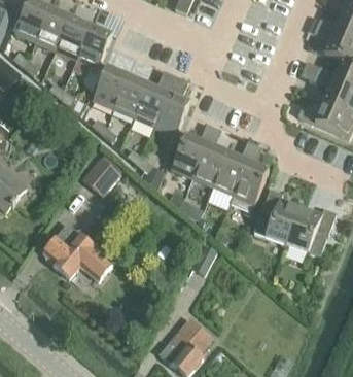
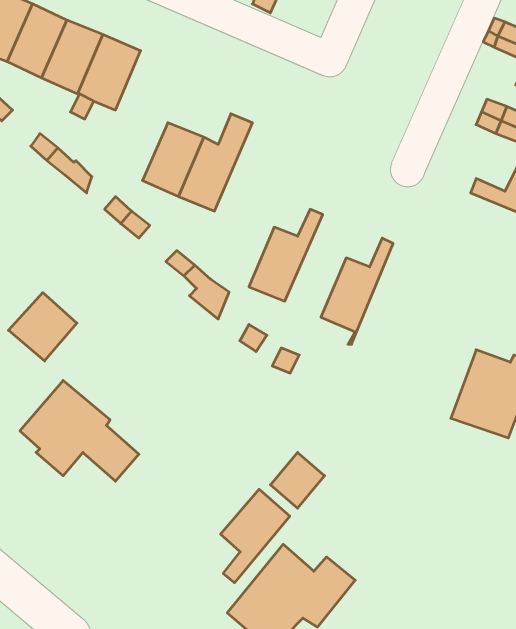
building: [92,66,127,108] -> none
building: [153,75,188,135] -> none
building: [193,128,228,186] -> none
building: [232,144,270,210] -> none
building: [80,156,119,195] -> [8,293,77,361]
building: [255,187,303,244] -> none
building: none -> [221,489,290,583]

